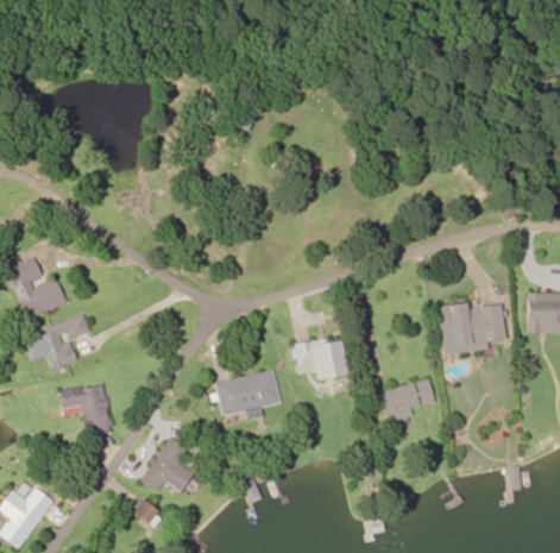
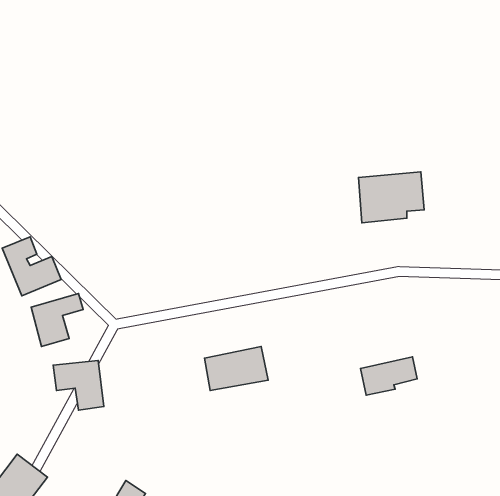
building: [436,302,504,354] -> [358,172,424,223]
building: [294,338,345,381] -> none
building: [140,438,194,492] -> none

